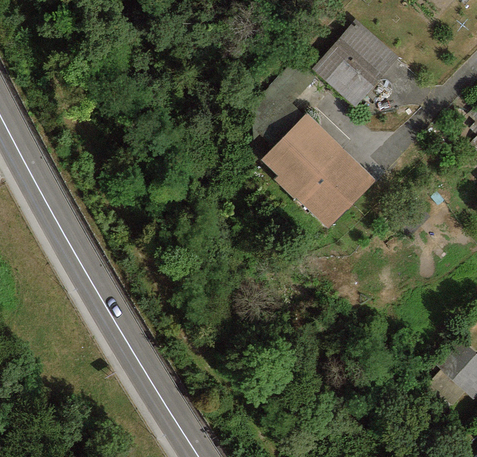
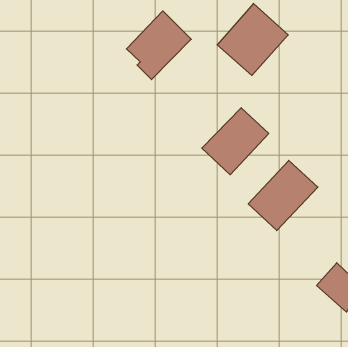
building: [262,112,342,197] -> [126,11,191,80]
building: none -> [248,160,318,231]

